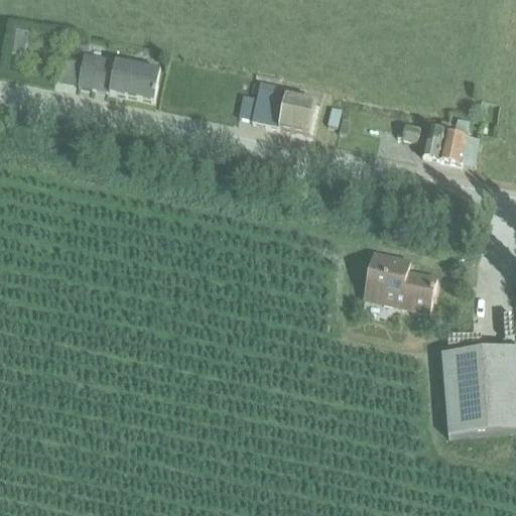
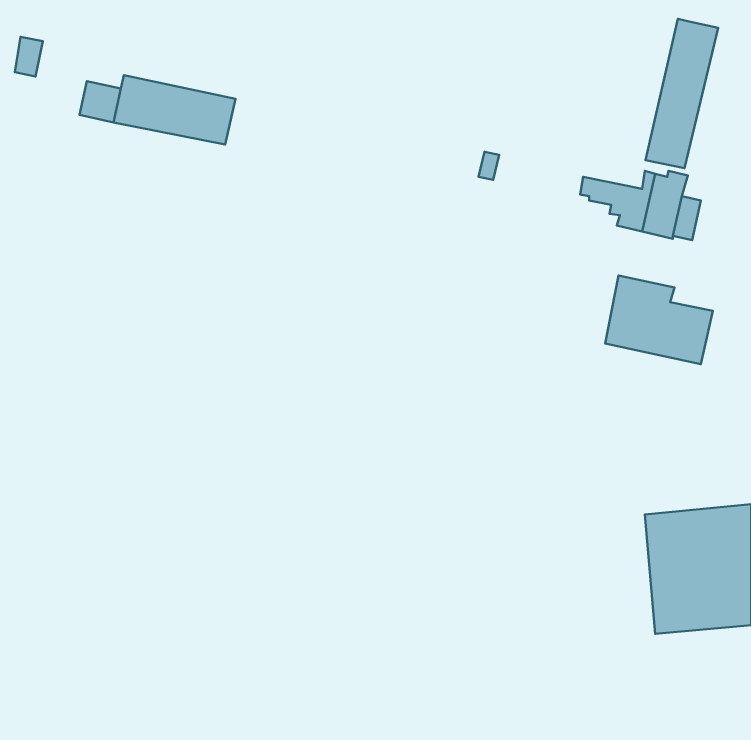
building: none -> [645,19,718,168]
building: [240,79,315,132] -> none
building: [364,252,437,312] -> [605,276,713,364]

